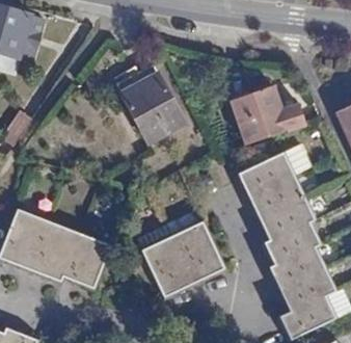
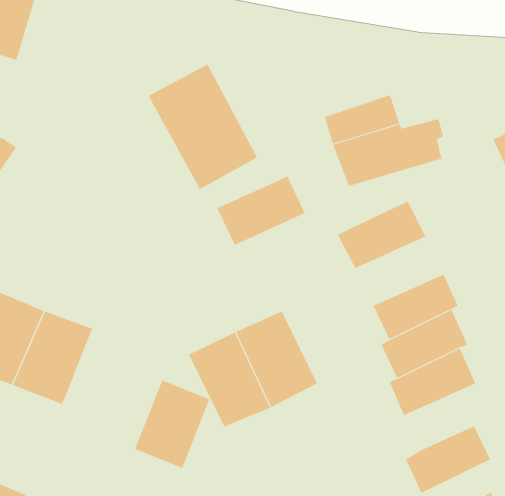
building: [249,175,306,219] -> [217,176,306,245]
building: [63,234,112,291] -> [134,380,210,469]
building: [280,269,338,312] -> none

